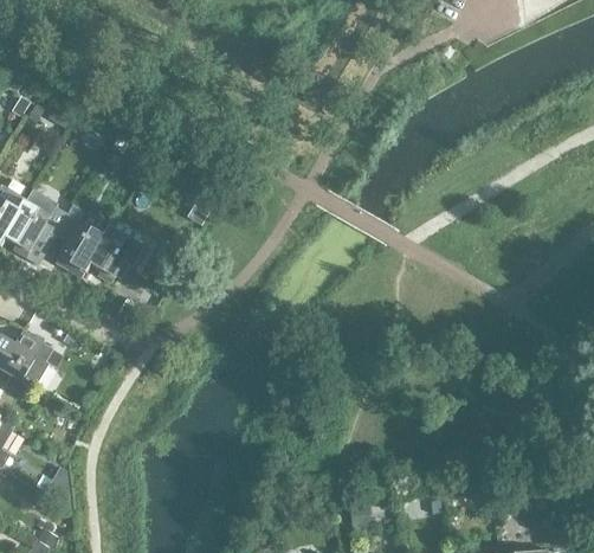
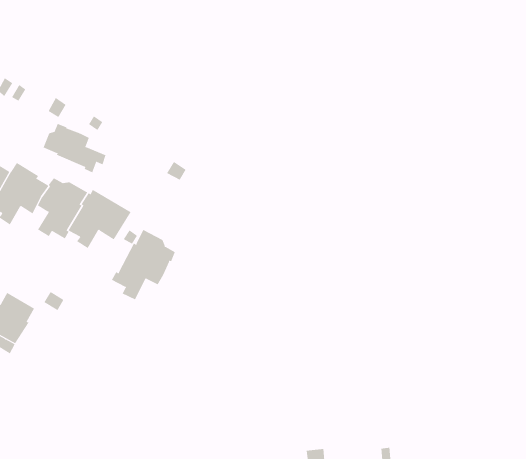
building: none -> [43,123,106,173]
building: none -> [111,229,176,300]

